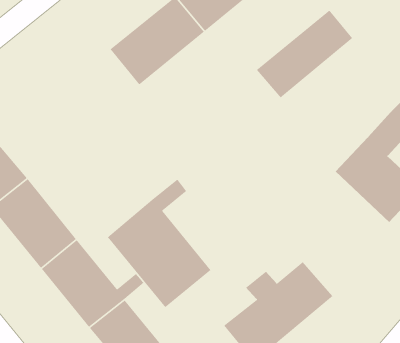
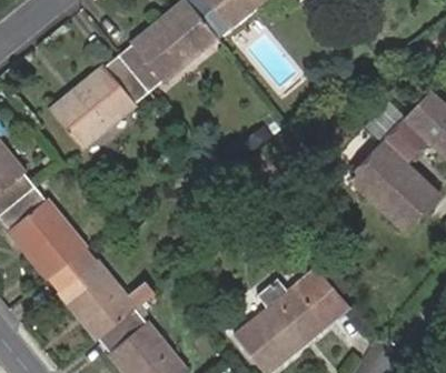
building: [256,10,353,98] -> none
building: none -> [51,54,149,148]
building: [107,179,212,308] -> none

